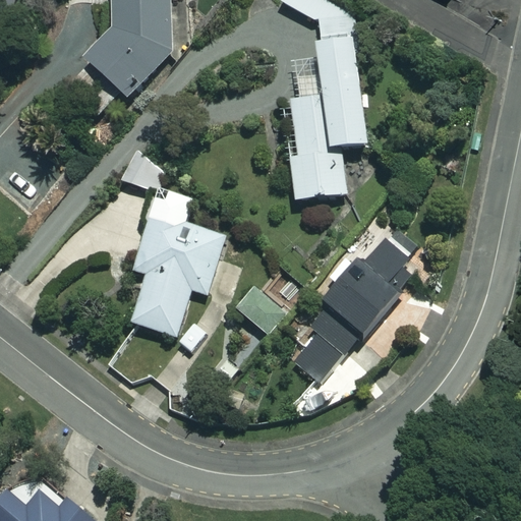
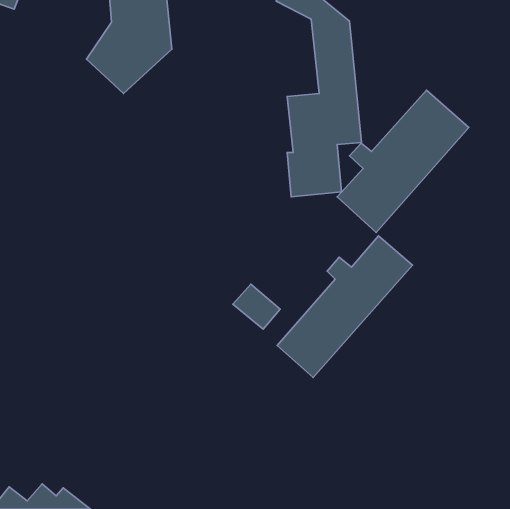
building: none -> [337,90,469,232]
building: [132,188,225,336] -> none

